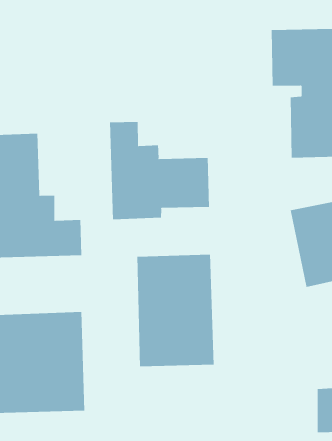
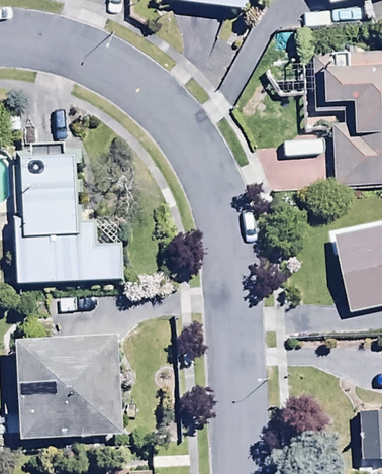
building: [110,121,209,220] -> none
building: [137,254,214,367] -> none

